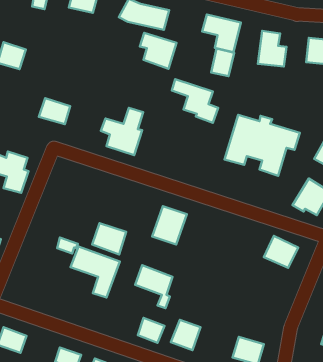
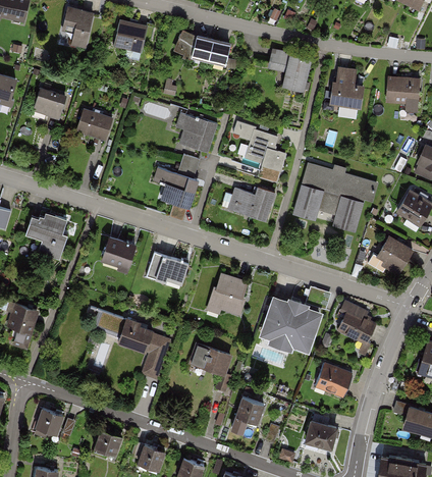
building: [140,33,177,69] -> [174,117,216,158]
building: [211,48,234,76] -> none
building: [39,98,70,124] -> [75,105,111,135]
building: none -> [226,193,274,226]
building: none -> [99,232,134,267]
building: [92,223,126,254] -> [149,251,187,286]
building: none -> [264,297,319,348]
building: none -> [316,362,354,396]
building: [138,318,165,343] -> none

